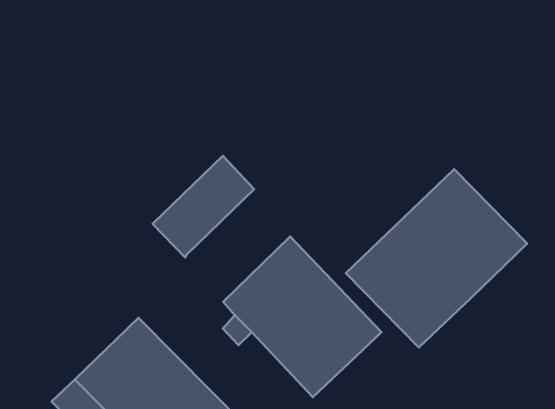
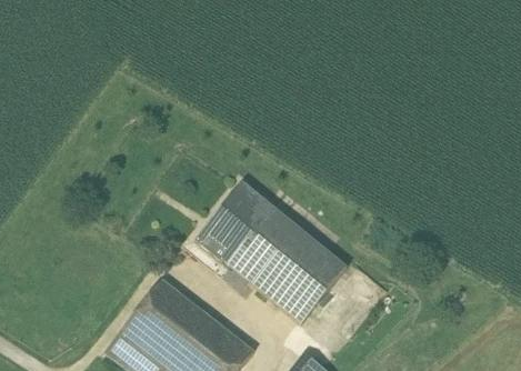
building: [152,156,254,257] -> [197,182,270,262]
building: [346,169,527,347] -> none

